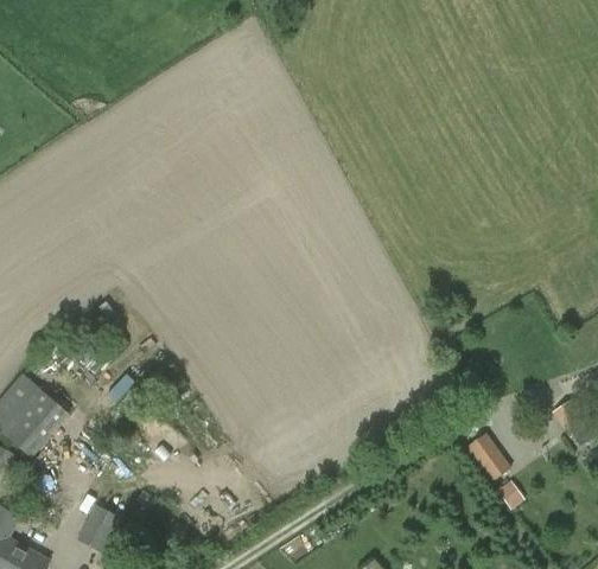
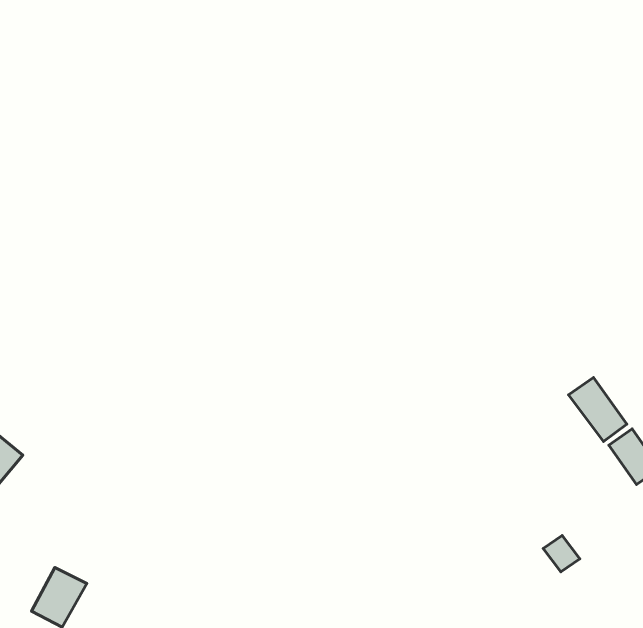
building: [460,429,508,481] -> [569,377,627,442]

